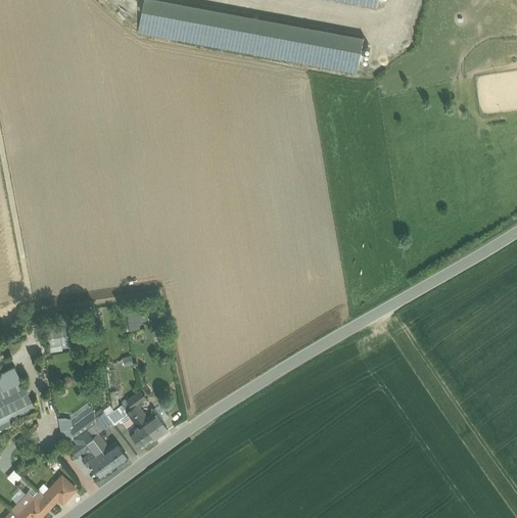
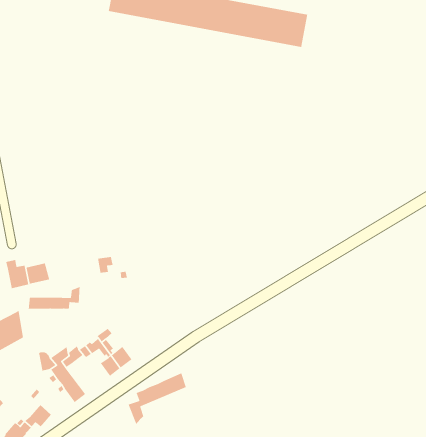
building: none -> [5,259,29,289]
building: none -> [28,286,81,310]
building: [90,432,126,466] -> none
building: none -> [127,372,187,425]

